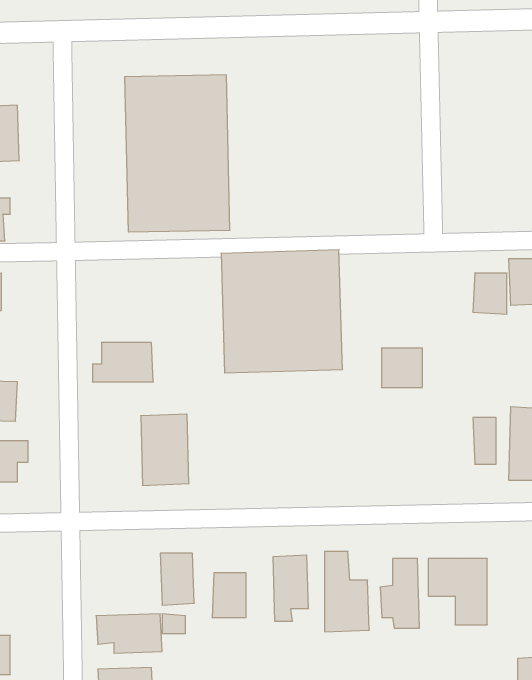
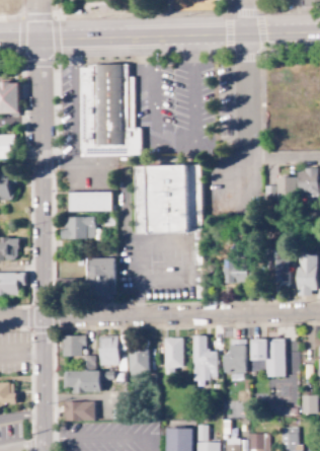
building: none -> [69,192,112,212]
building: [381,348,422,387] -> [225,260,248,283]
building: none -> [63,335,87,357]

